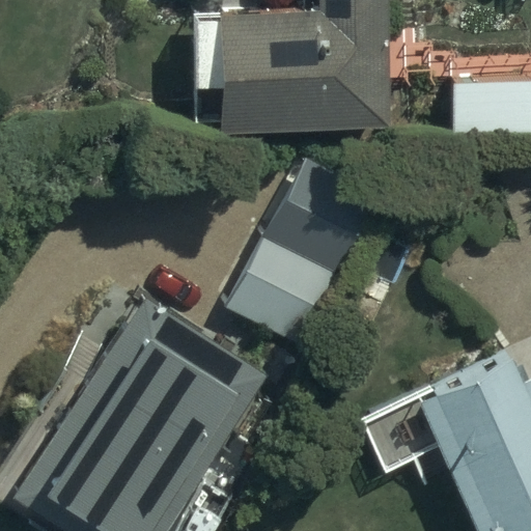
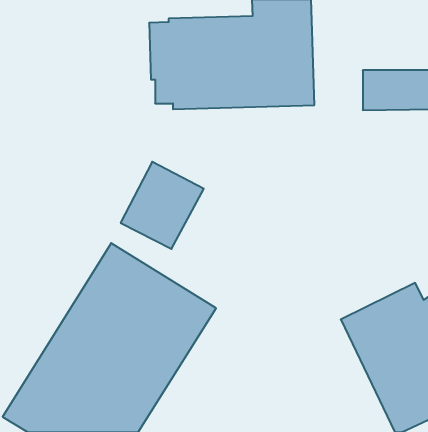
building: [233,215,335,322] -> [121,162,204,249]

